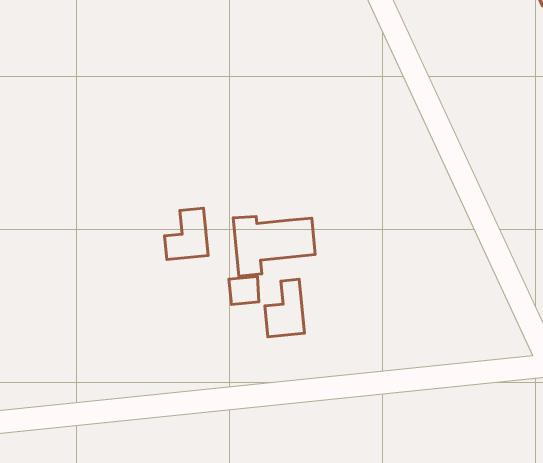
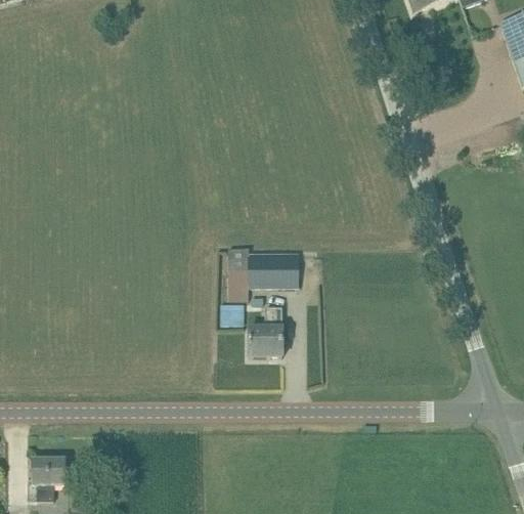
building: [164,208,208,260] -> none

